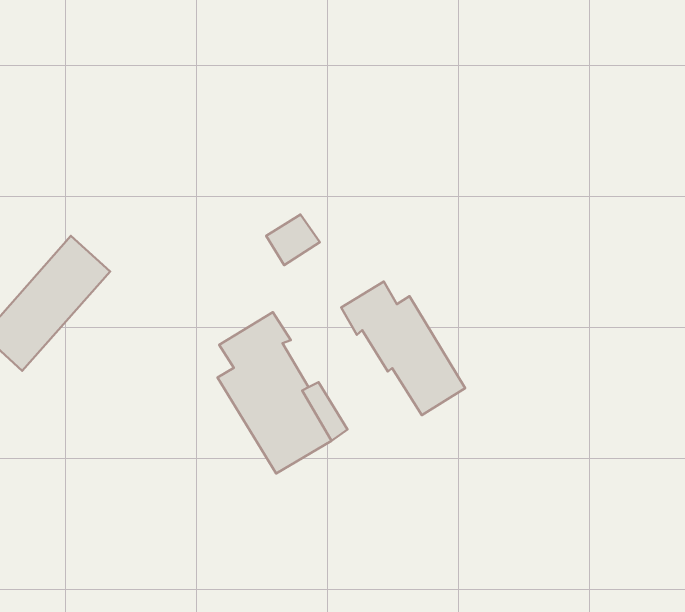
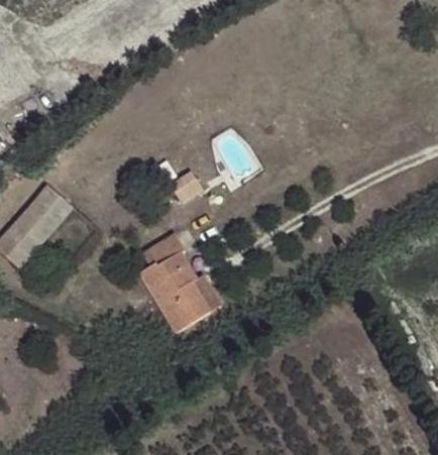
building: [341,282,465,415] -> none

